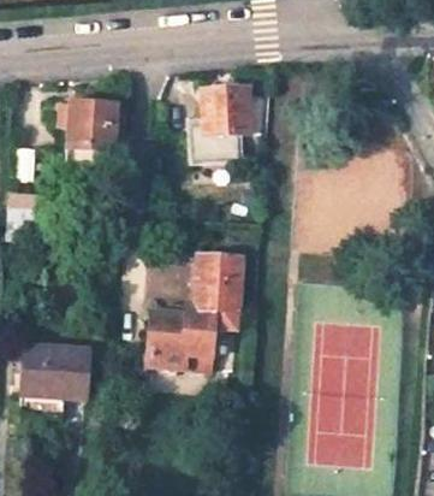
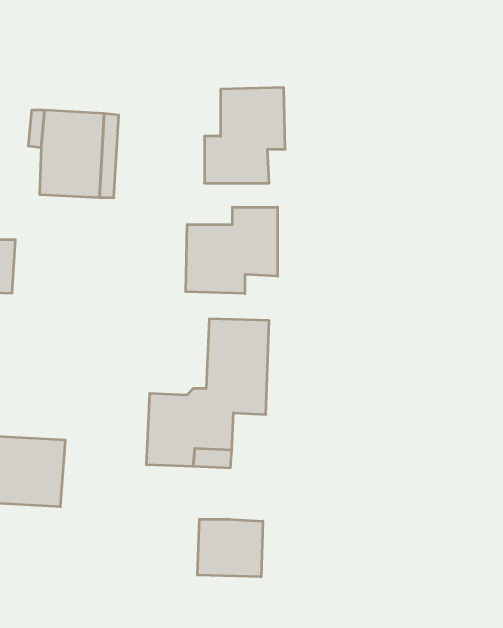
building: none -> [186,207,278,294]
building: none -> [197,519,263,577]

